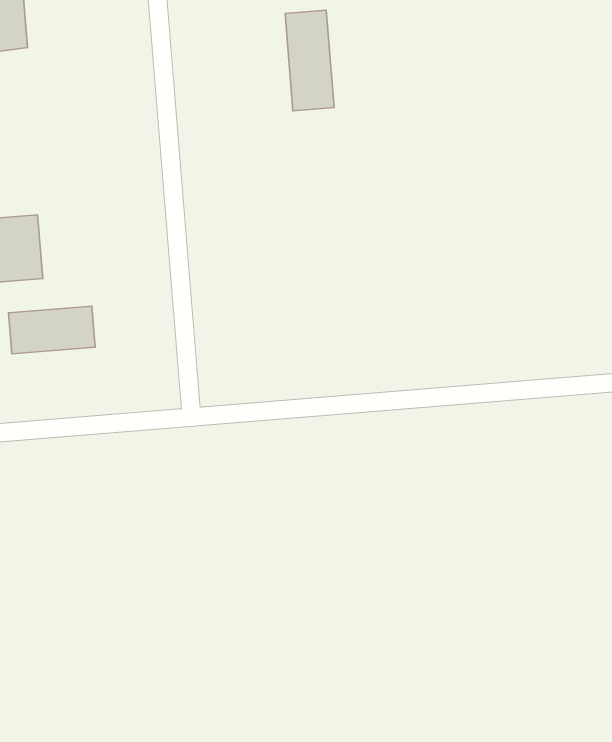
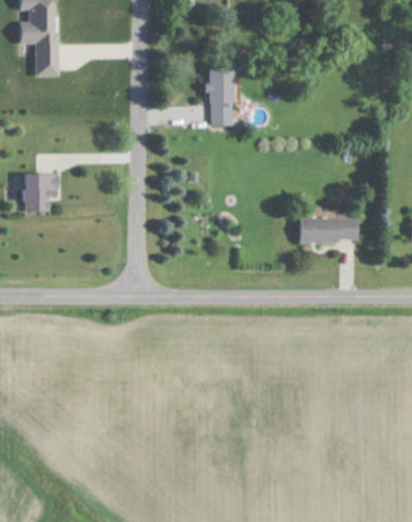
building: none -> [298,217,356,241]
building: [9,306,95,354] -> none

